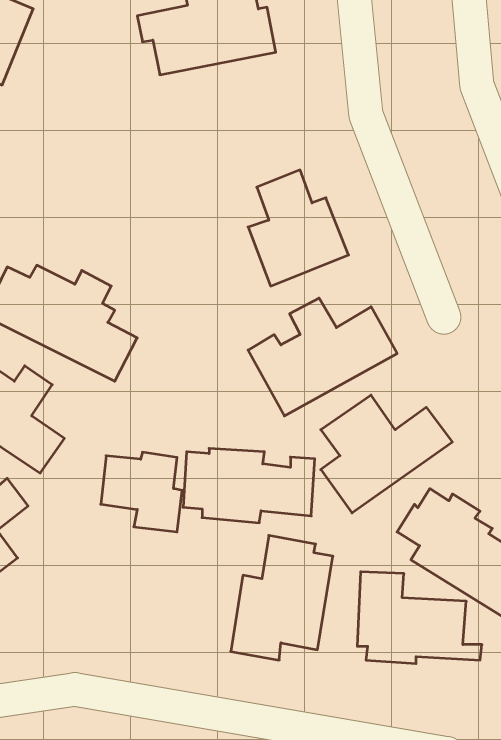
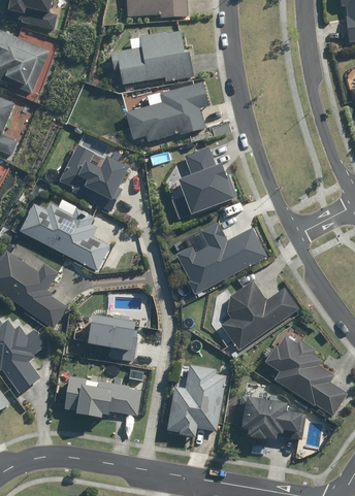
building: none -> [124,80,208,140]
building: none -> [57,144,128,209]
building: [183,448,315,523] -> [64,373,142,418]

